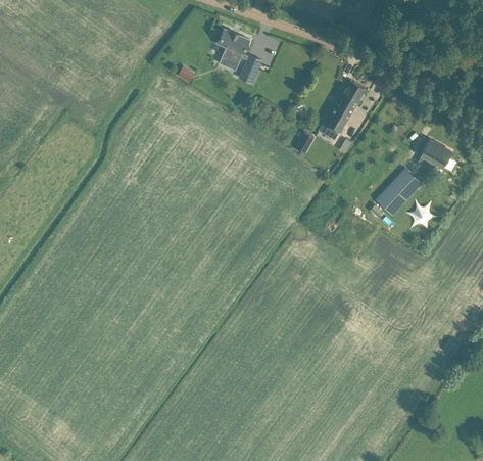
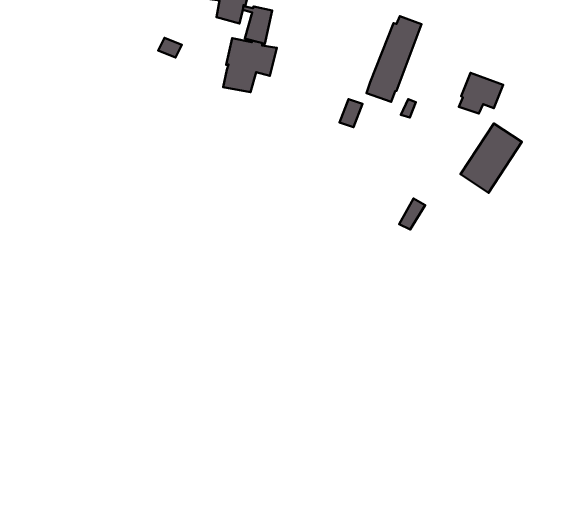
building: none -> [223,38,277,92]
building: [419,140,452,170] -> [459,73,503,114]

